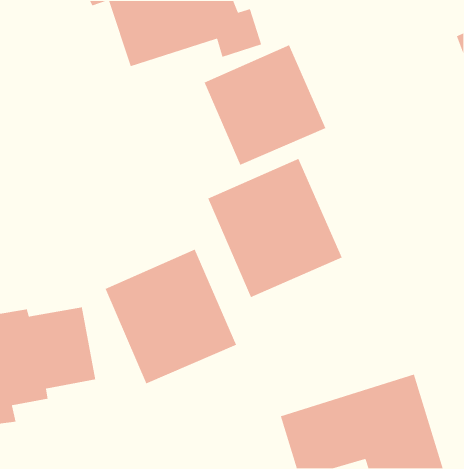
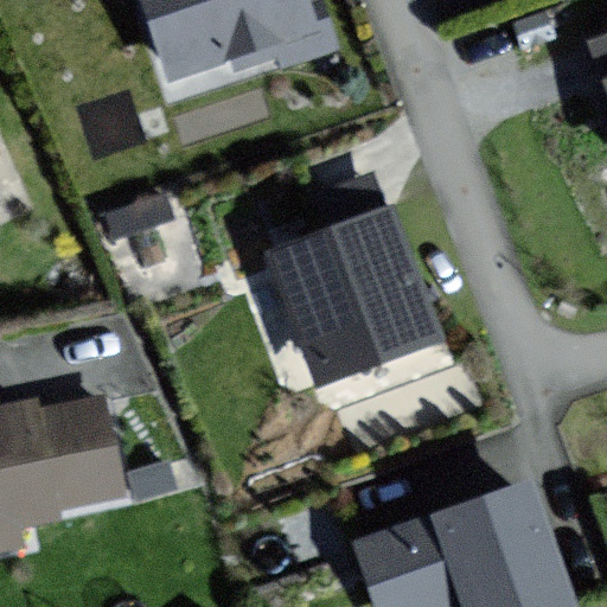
building: [204,44,326,166] -> none
building: [104,249,237,385] -> none

